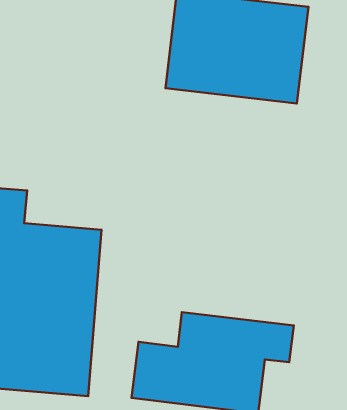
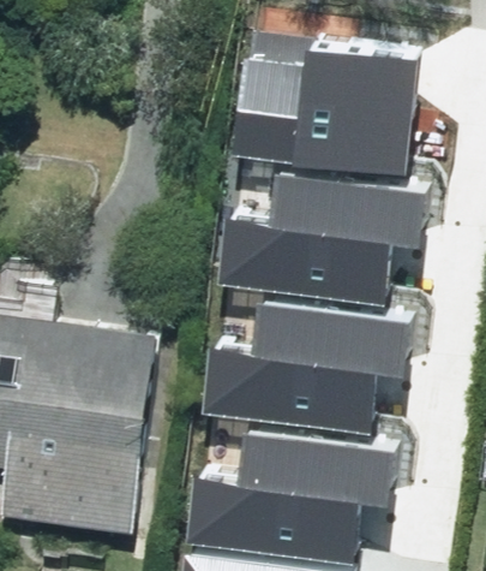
building: none -> [216,178,418,304]
building: none -> [203,311,404,438]

